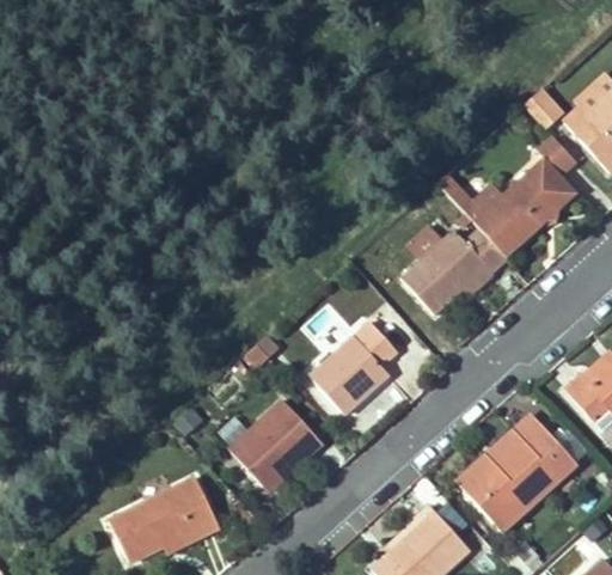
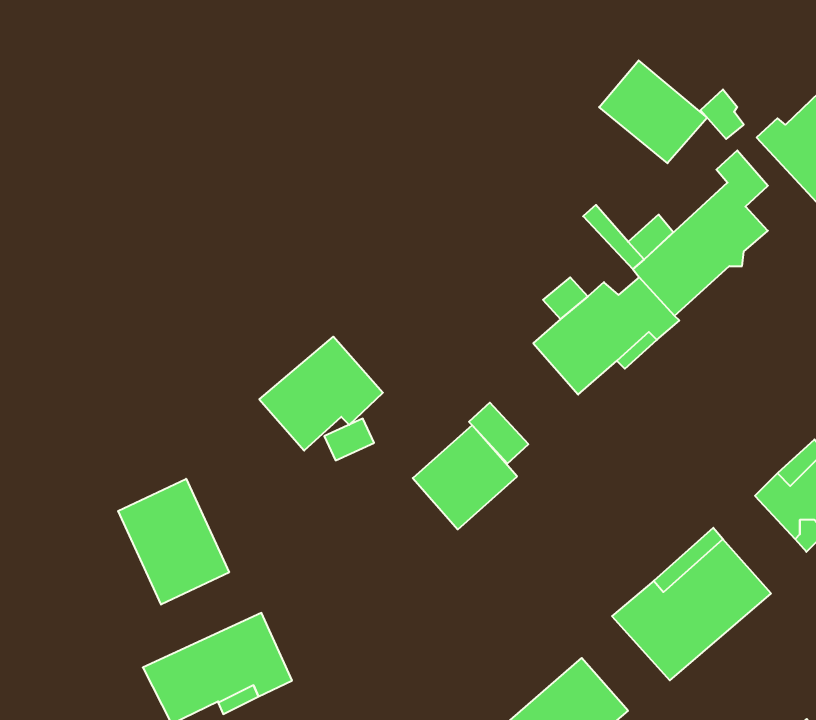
building: none -> [599,60,707,163]
building: none -> [118,479,229,605]
building: [230,402,322,487] -> [259,337,383,451]

